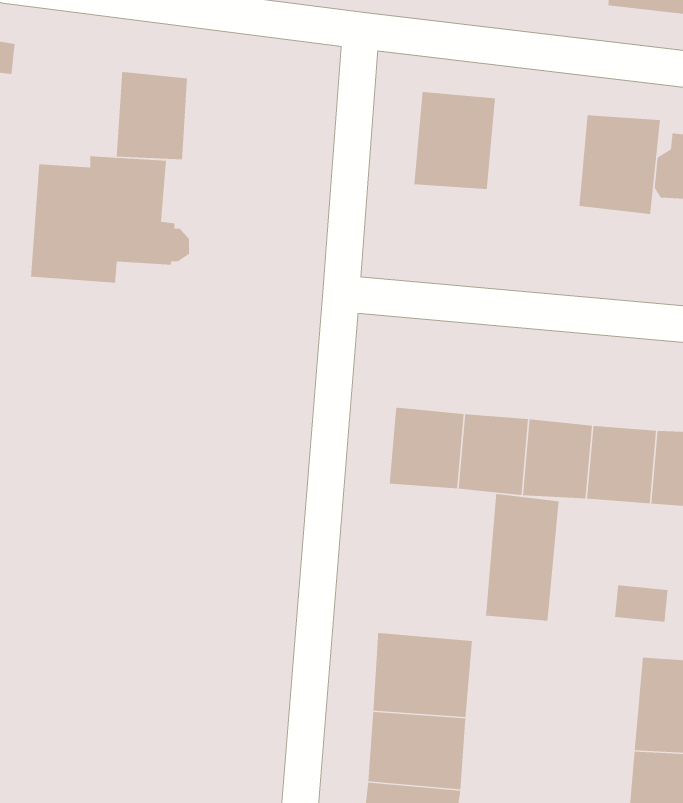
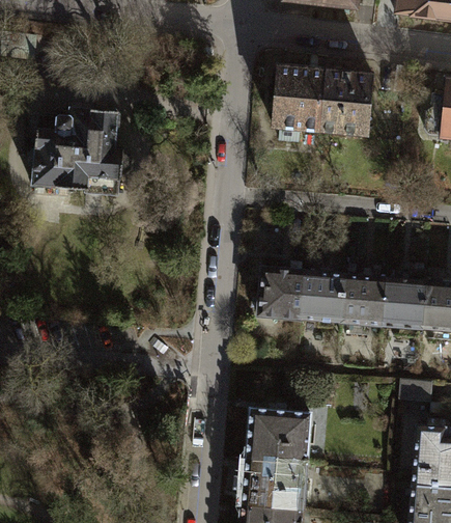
building: [116,71,188,160] -> none
building: [579,114,661,215] -> [321,72,373,135]
building: [485,493,560,621] -> none

